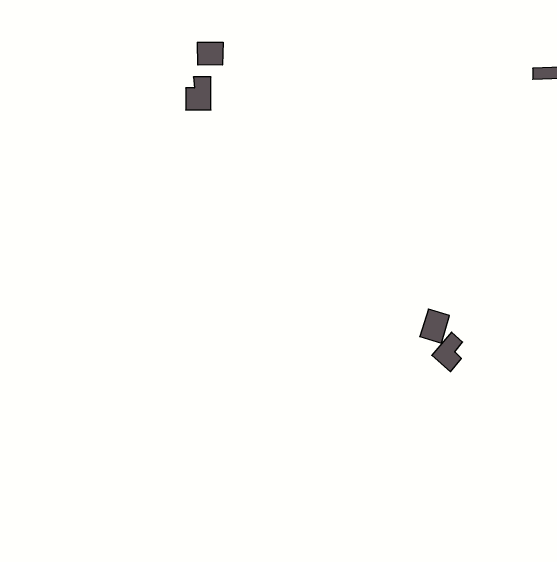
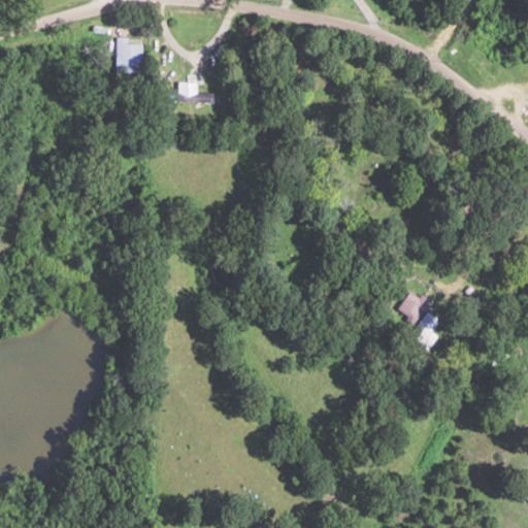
building: none -> [116,36,141,71]
building: [197,42,223,65] -> none

